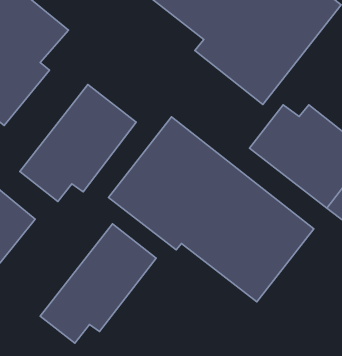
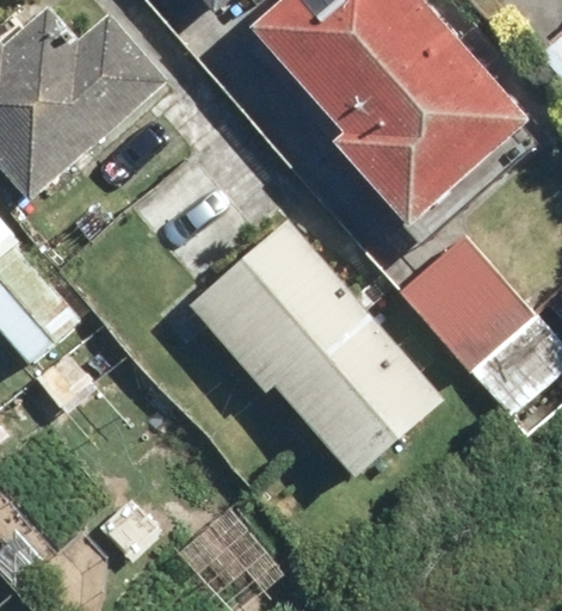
building: [20,84,136,201] -> none
building: [40,224,156,343] -> none

